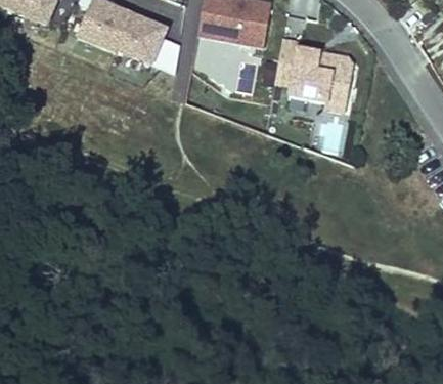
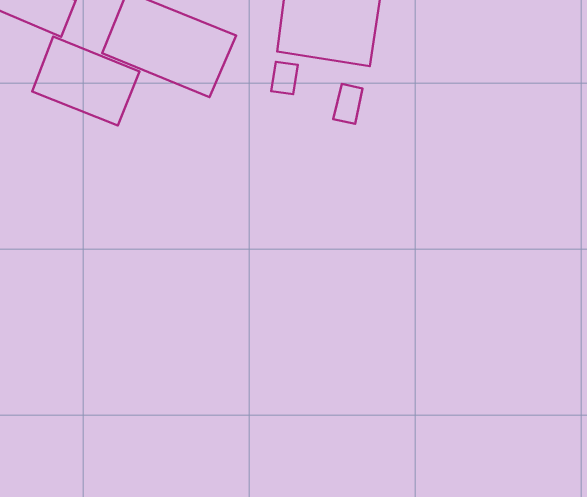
building: none -> [32,37,140,126]
building: [274,36,353,113] -> none

